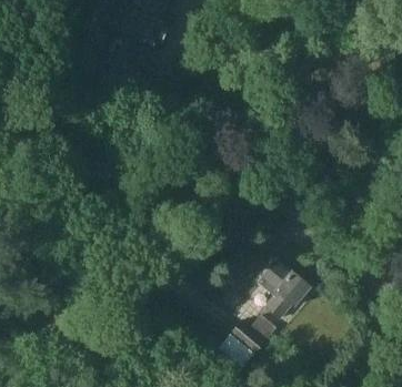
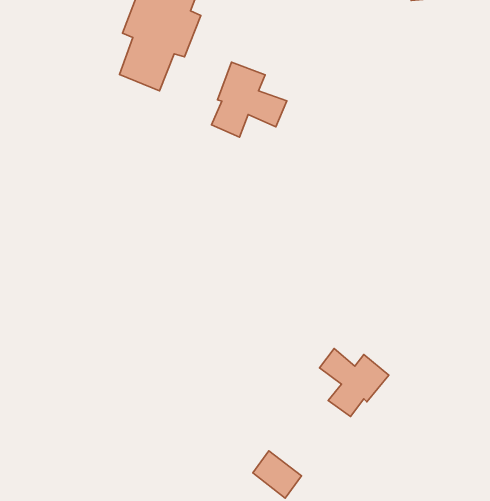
building: none -> [212,62,287,137]
building: [230,312,279,353] -> none

